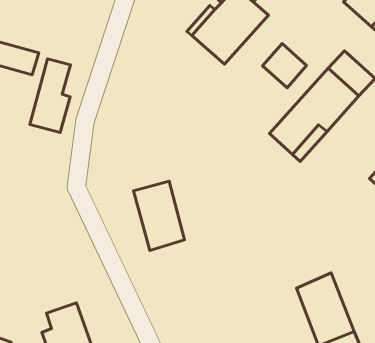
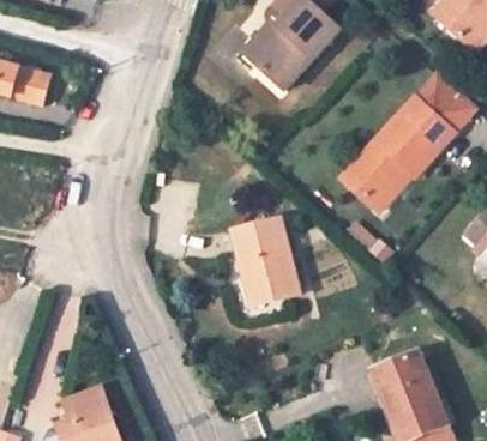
building: [263,43,307,88] -> none
building: [30,59,71,132] -> none
building: [133,181,184,250] -> [233,218,296,304]

